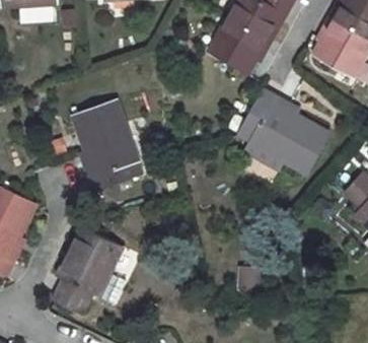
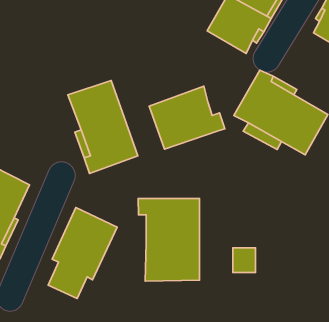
building: none -> [149,86,225,149]
building: none -> [138,198,199,281]

